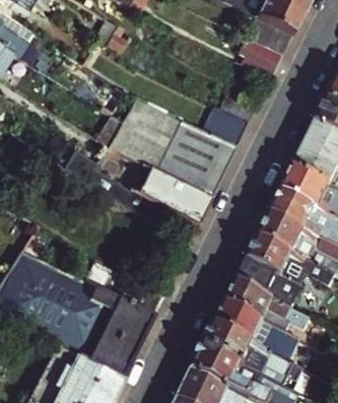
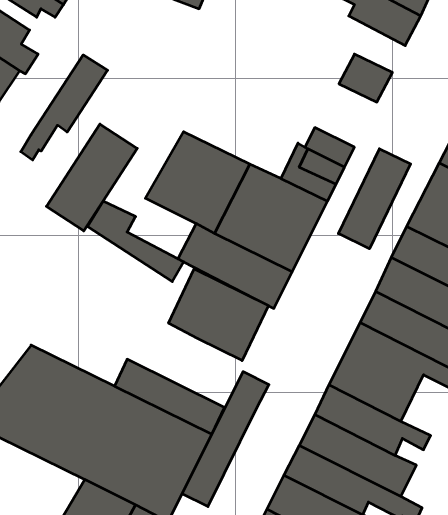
building: [242,14,292,55] -> none
building: none -> [21,55,108,160]
building: none -> [46,124,137,231]
building: none -> [338,149,411,249]
building: none -> [169,269,269,361]
building: none -> [182,372,269,507]

